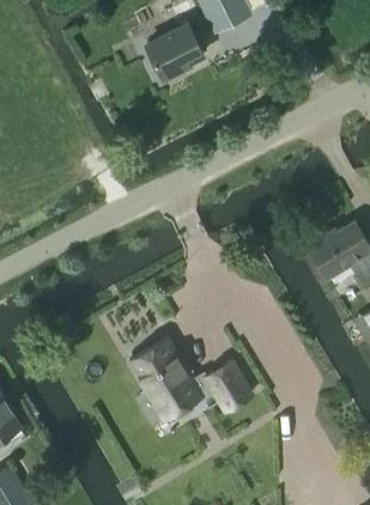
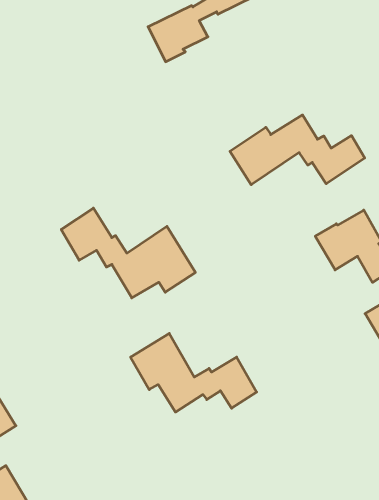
building: none -> [230,115,365,185]
building: none -> [61,208,195,298]

